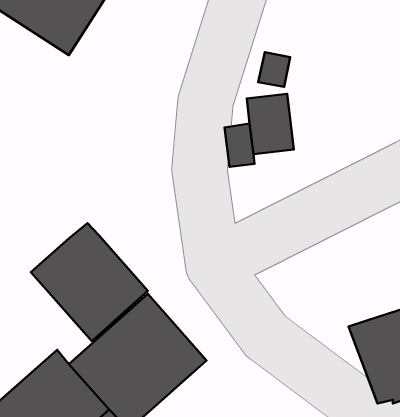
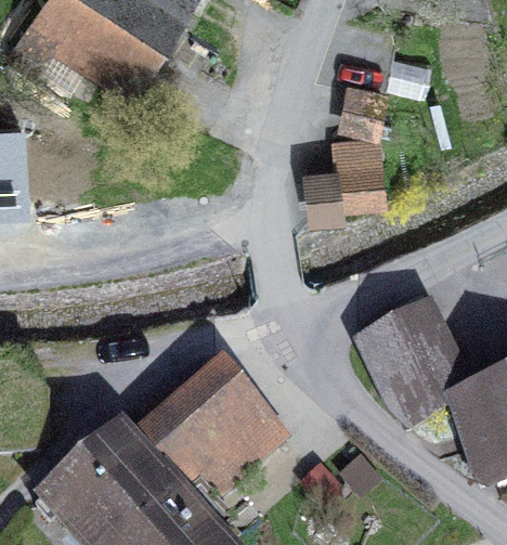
building: [31,223,148,341] -> none
building: none -> [360,306,465,426]

